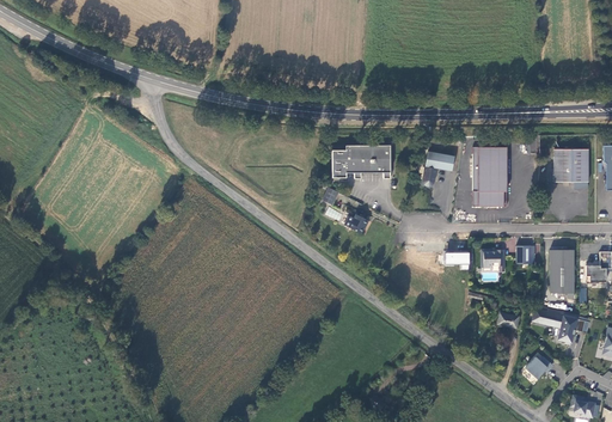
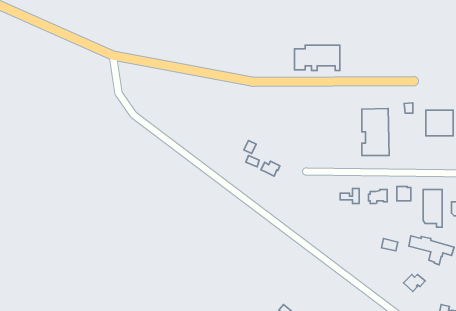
building: [332,145,390,177] -> [295,45,340,71]
building: [423,151,455,185] -> none

